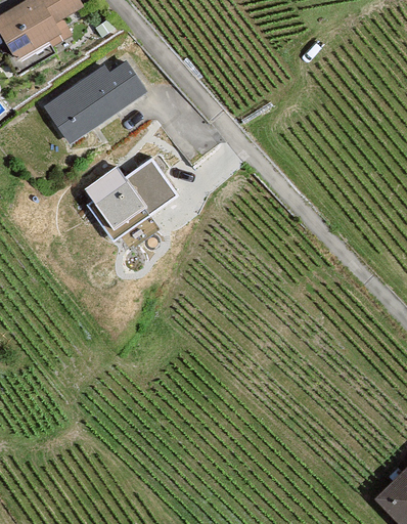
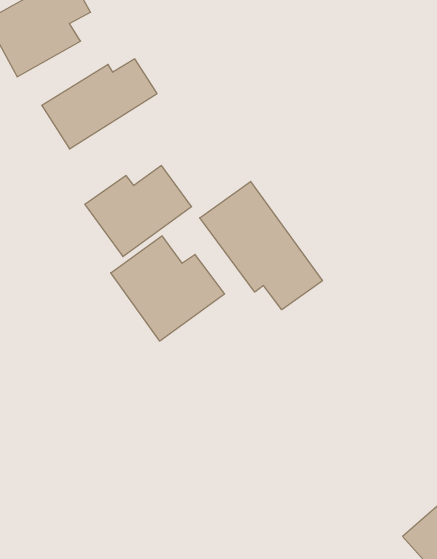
building: none -> [200,181,322,310]
building: none -> [111,236,225,341]

